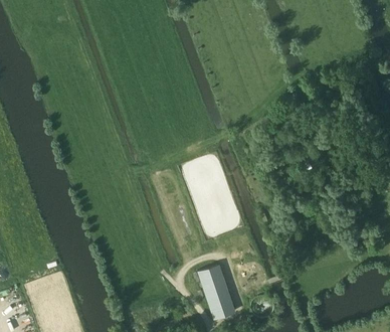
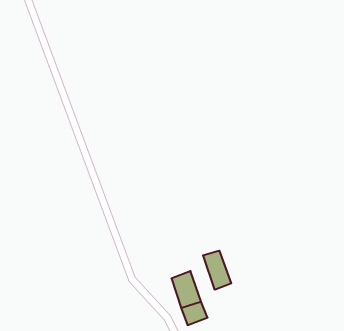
building: none -> [203,251,231,290]

